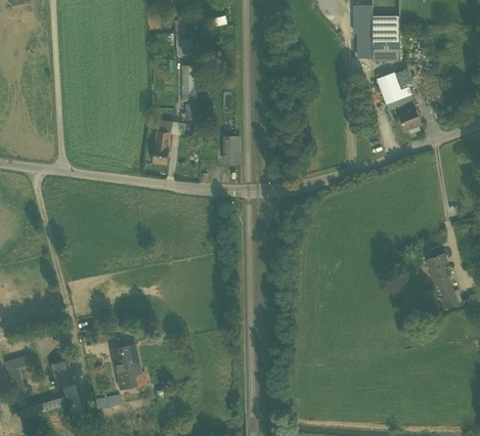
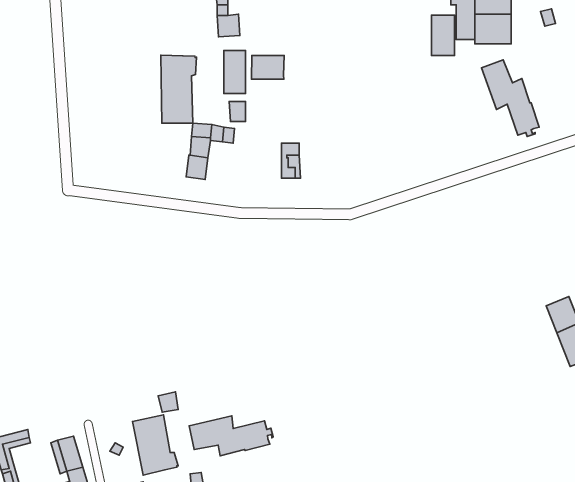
building: none -> [432,15,454,55]
building: none -> [161,55,197,123]
building: none -> [251,55,284,79]
building: none -> [189,416,273,456]

